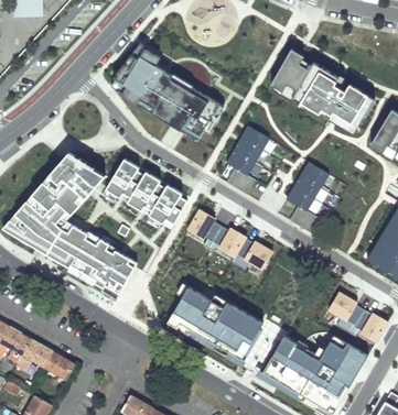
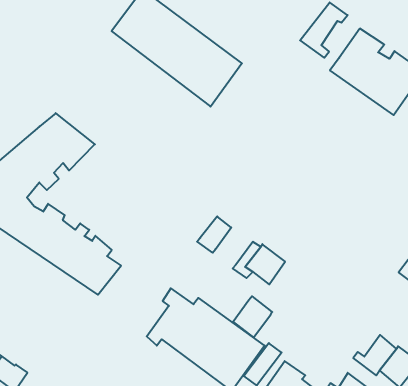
building: [286,56,315,86] -> none
building: [226,121,271,172] -> none
building: [286,157,331,207] -> none
building: [107,160,189,222] -> none
building: [184,209,216,242] -> none
building: [216,228,247,261] -> [233,296,272,337]
building: [325,293,357,325] -> none

